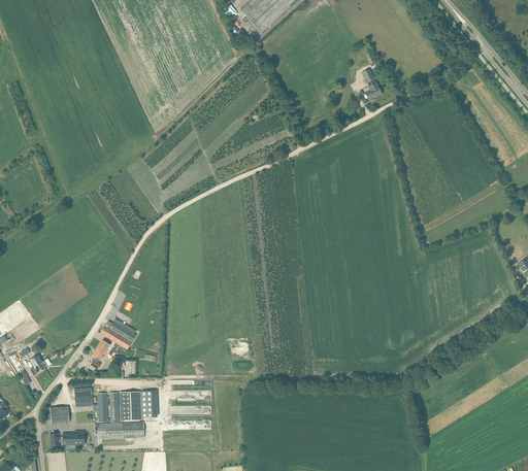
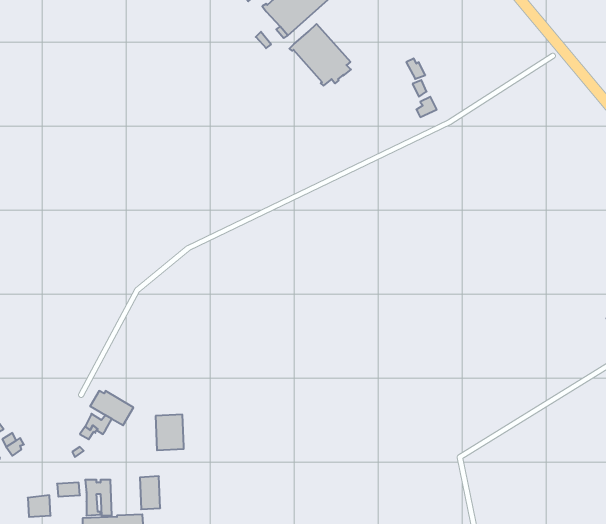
building: none -> [289,24,351,86]
building: [119,391,141,419] -> [156,415,184,450]

